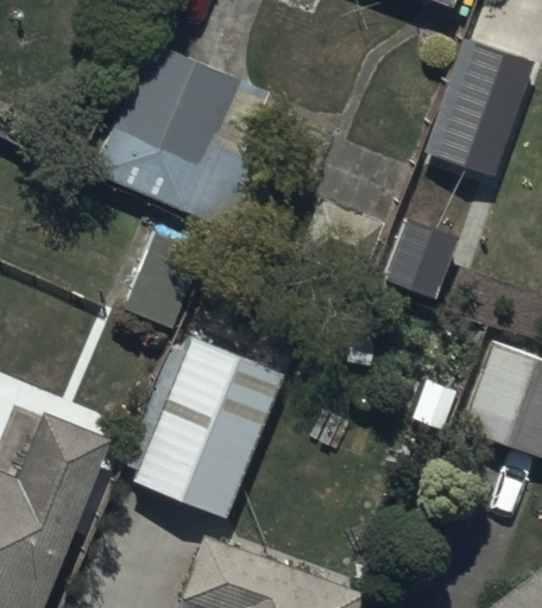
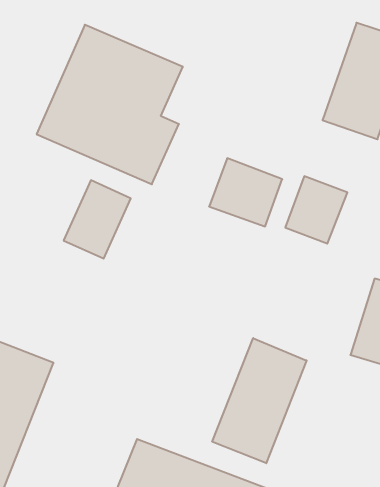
building: [128,336,284,519] -> none
building: none -> [212,338,307,463]

